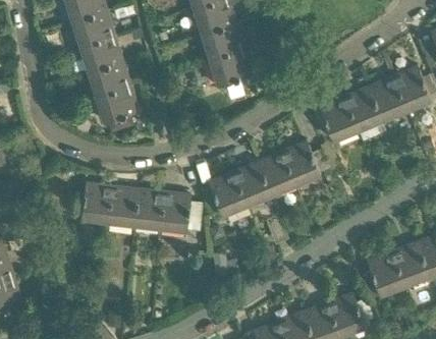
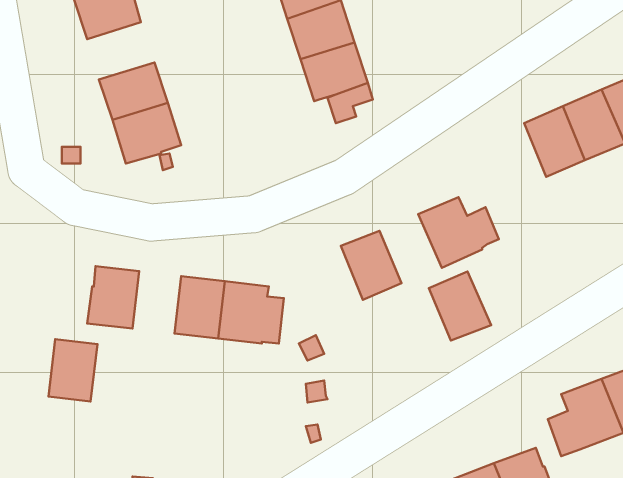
building: [79,38,120,72] -> none
building: [319,99,358,142] -> none
building: [257,154,294,195] -> [429,271,491,340]
building: [208,173,247,217] -> none
building: [107,188,137,226] -> [49,339,97,401]

